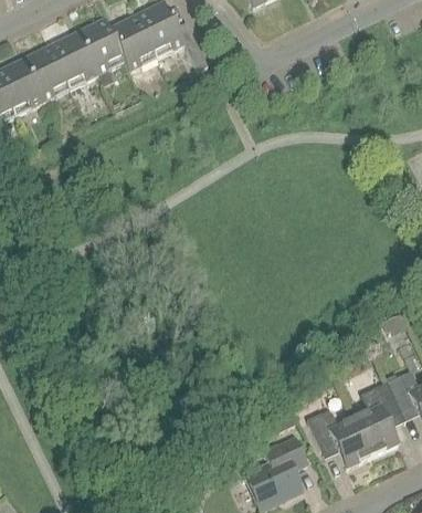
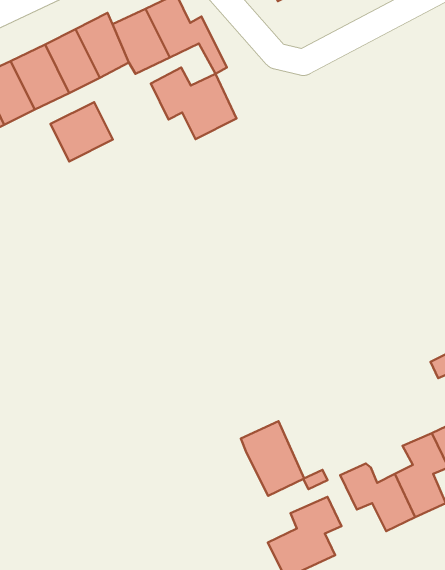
building: none -> [151,68,237,139]
building: none -> [50,102,113,161]
building: none -> [241,421,304,496]

